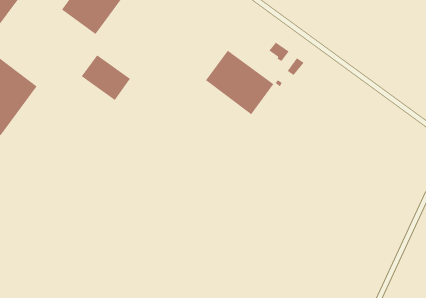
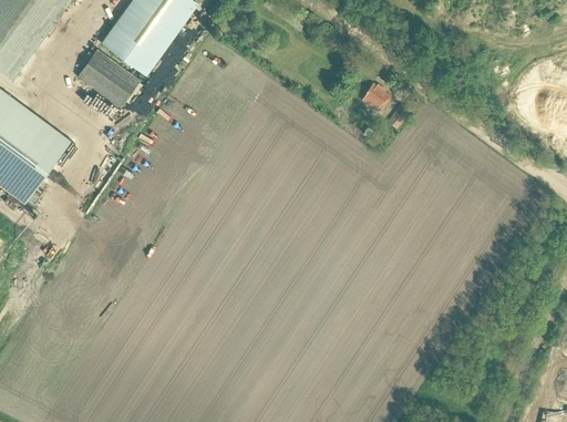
building: [205,50,274,115] -> none
building: [81,54,131,101] -> [76,49,140,107]

